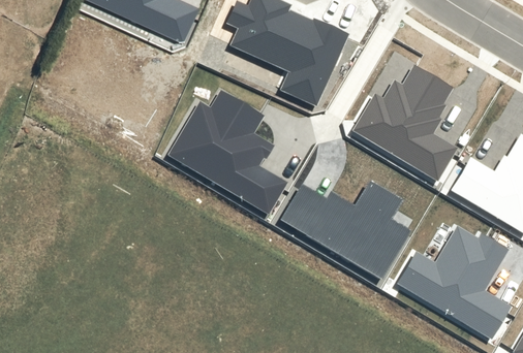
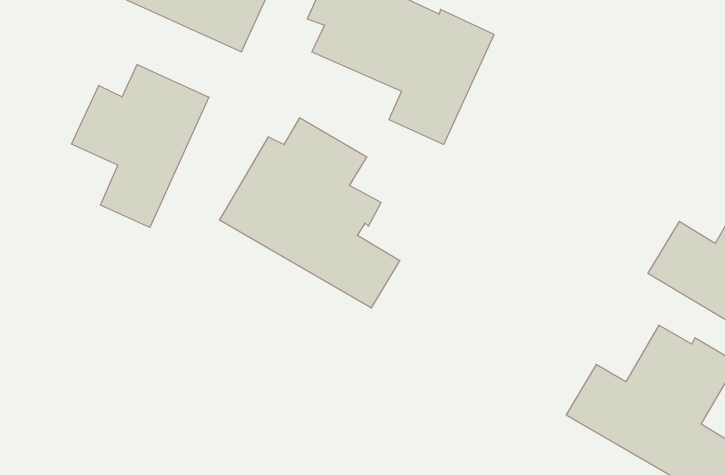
building: none -> [72,64,209,227]
building: [349,64,457,182] -> none
building: [280,179,410,279] -> none

